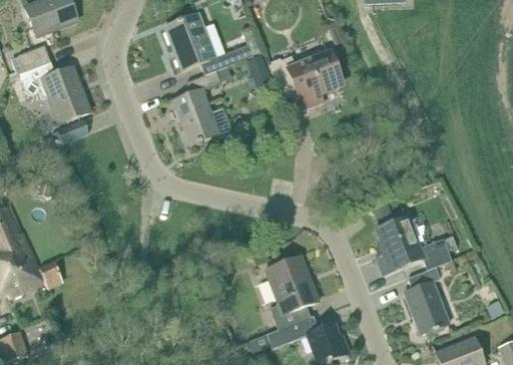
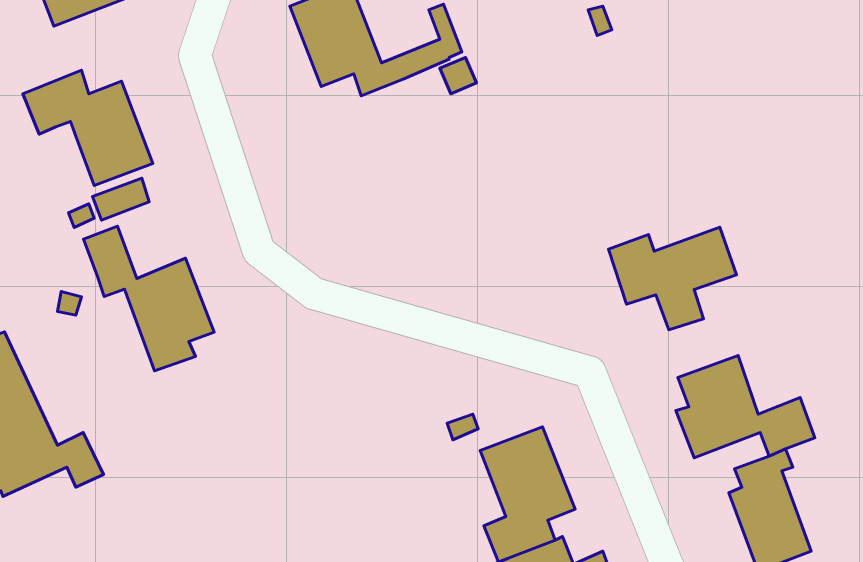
building: [10,44,49,72] -> none
building: [269,50,339,106] -> [608,227,736,330]
building: [172,65,231,143] -> none
building: none -> [84,226,214,371]

